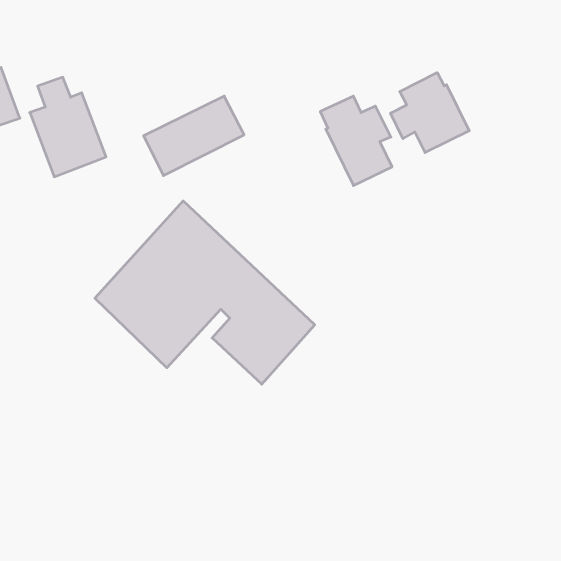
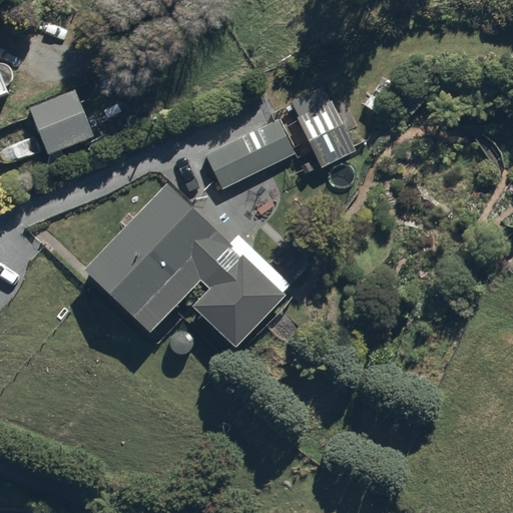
building: [391,73,469,153] -> none
building: [144,96,244,176] -> [203,117,295,189]

